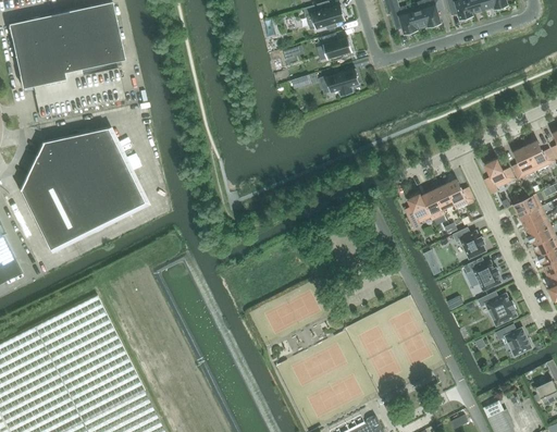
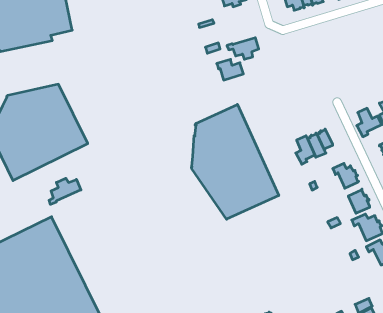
building: [319,33,352,59] -> [217,59,243,80]
building: none -> [191,104,279,219]
building: [444,177,474,209] -> none
building: none -> [49,178,81,204]

